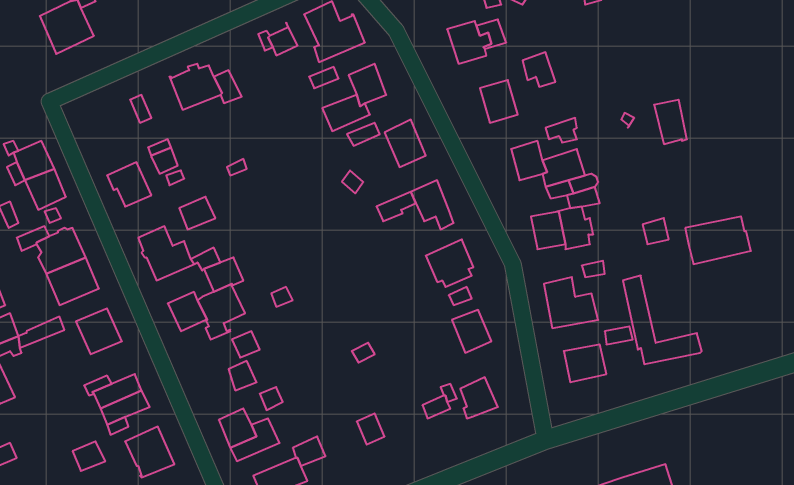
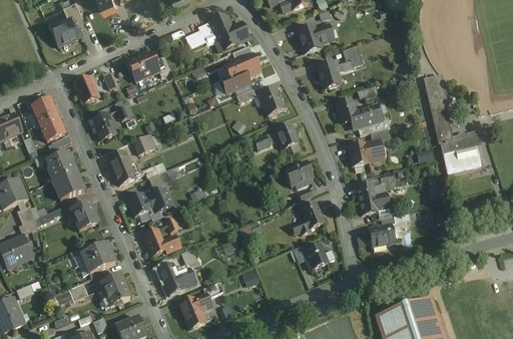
building: none -> [73,75,98,103]
building: [623,276,702,364] -> [429,98,477,152]
building: none -> [142,228,166,255]

